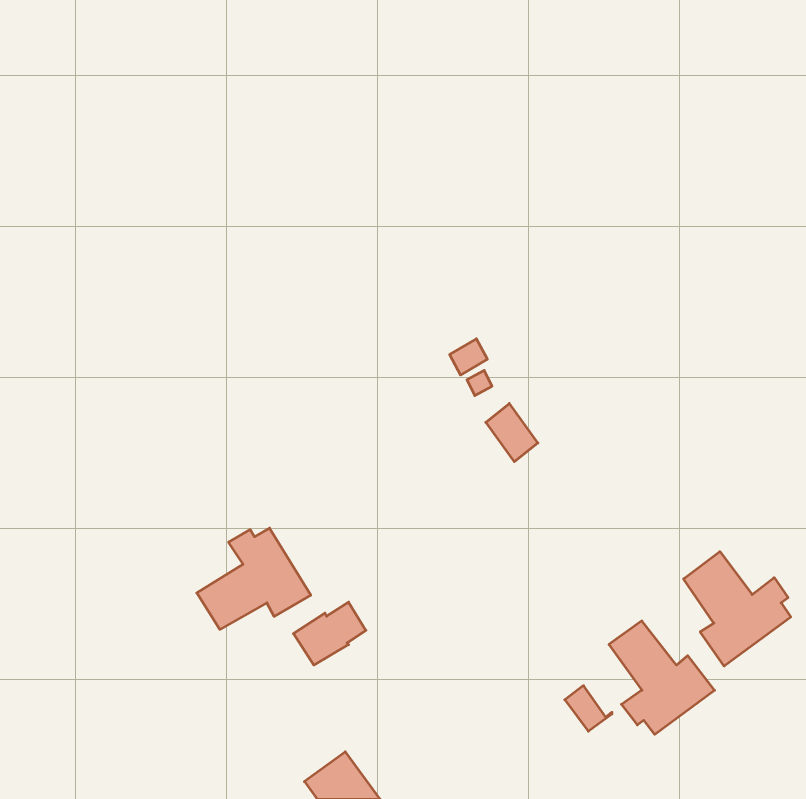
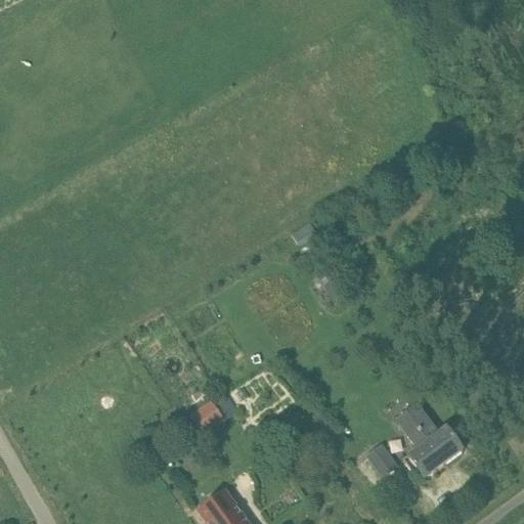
building: [197,528,311,629] -> none
building: [684,552,791,666] -> none

